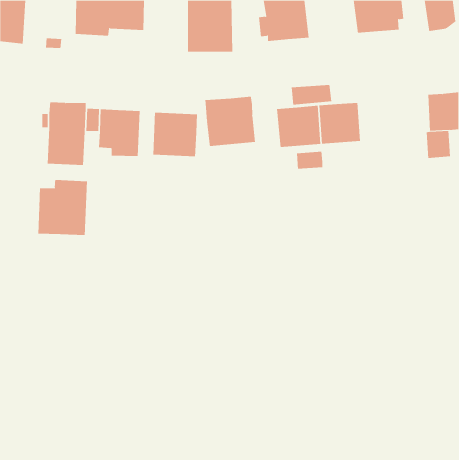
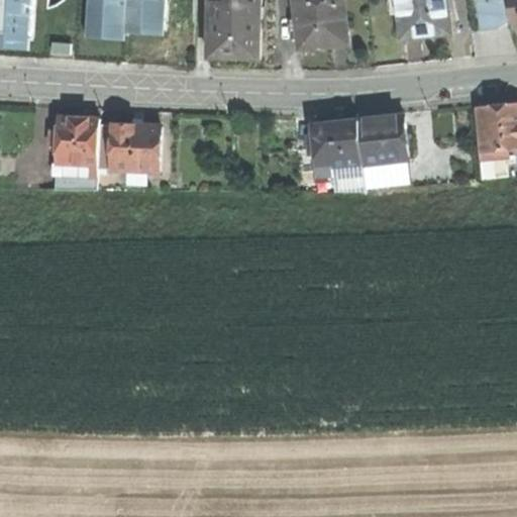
building: [291,84,332,105] -> [360,159,407,182]
building: [205,96,256,147] -> none
building: [153,112,197,157] -> none
building: [38,179,88,236] -> none

